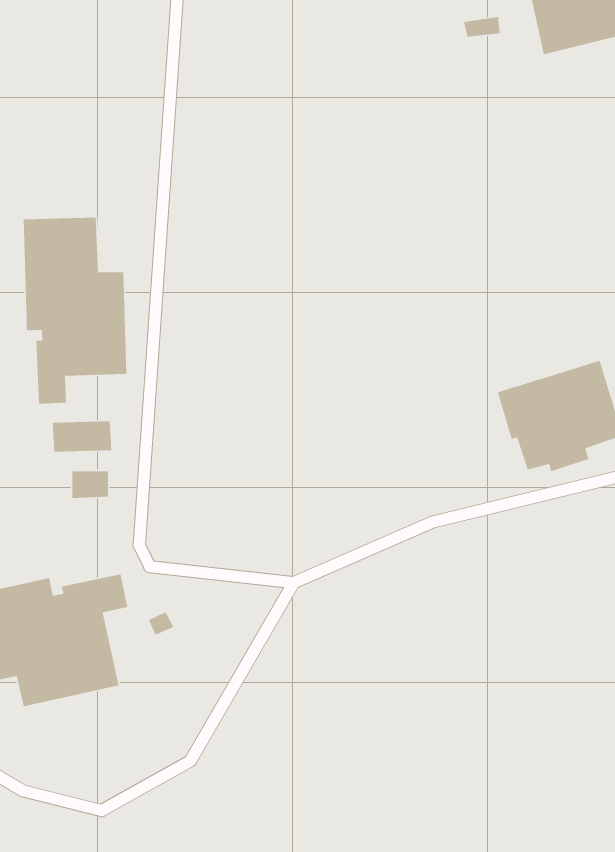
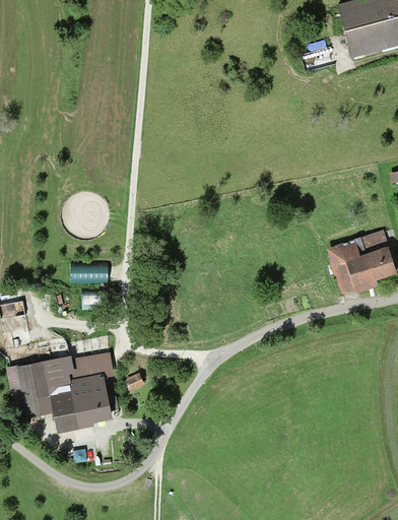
building: [23,217,127,404] -> none

